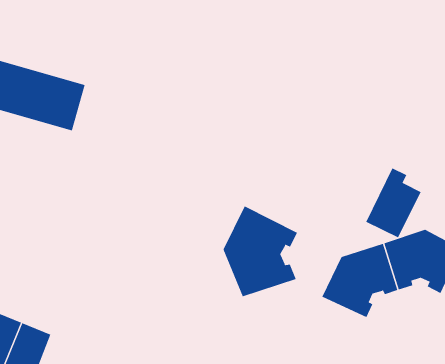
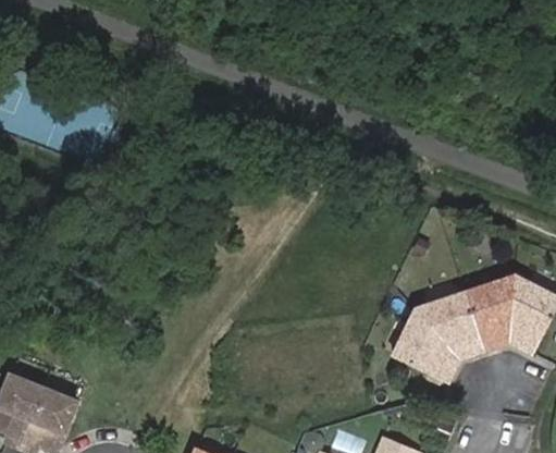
building: [366,167,421,238] -> none
building: [223,205,298,297] -> none

